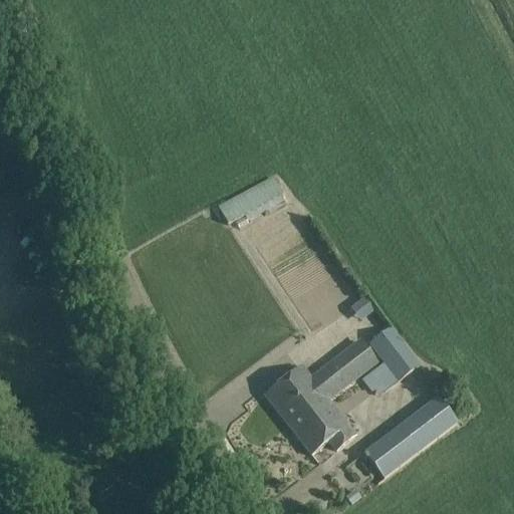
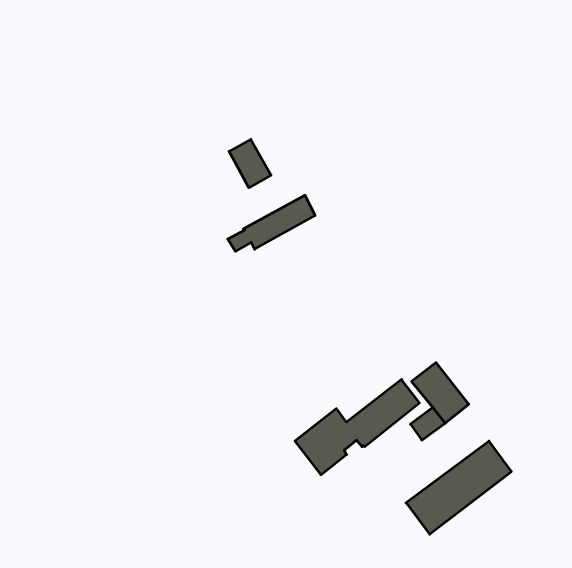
building: none -> [229,139,271,188]
building: [288,394,354,454] -> none

